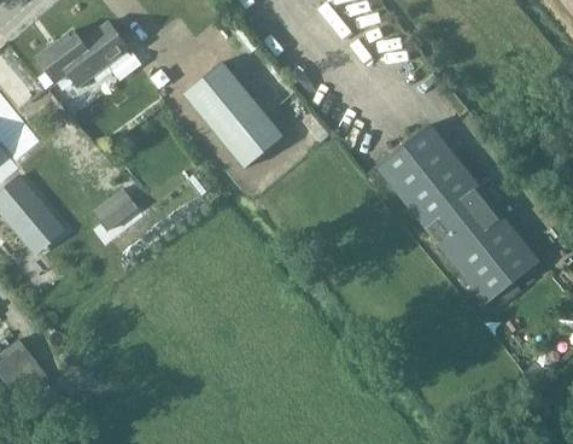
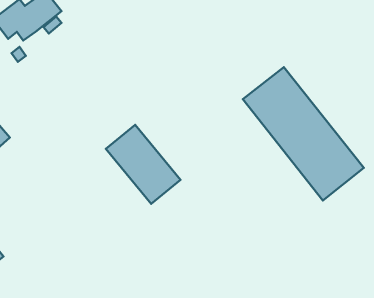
building: [182,62,283,169] -> [106,125,180,204]
building: [90,188,138,232] -> none

